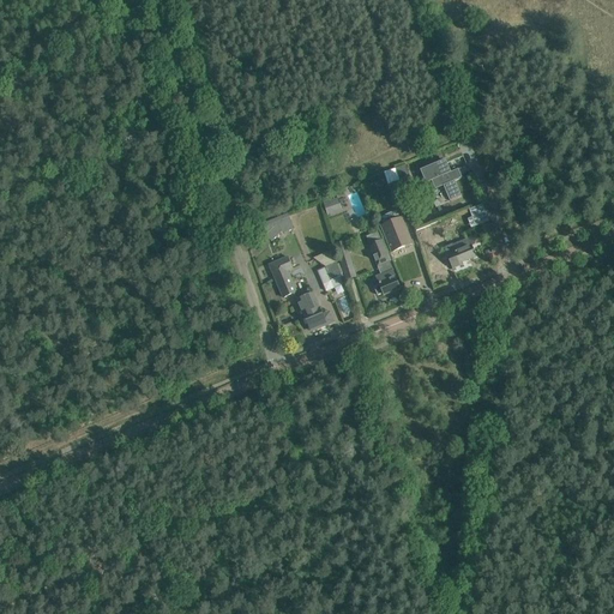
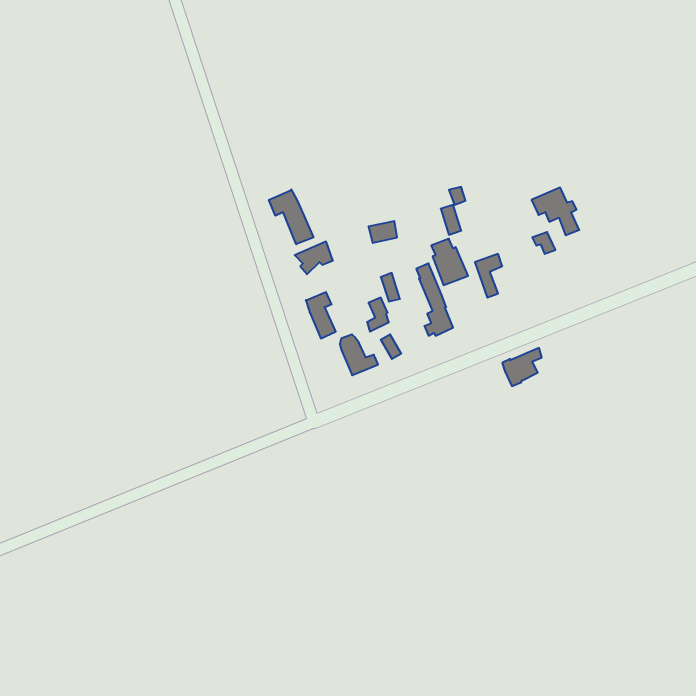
building: [419,158,460,200] -> [532,188,579,235]
building: none -> [269,189,313,244]
building: [444,234,478,267] -> [502,348,542,386]

